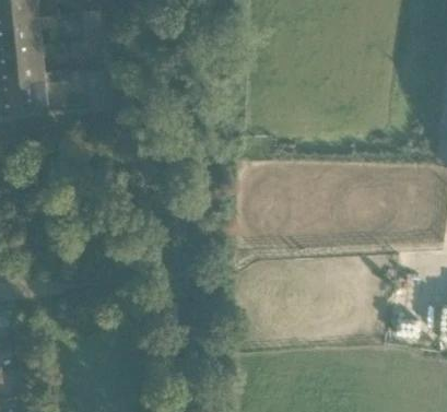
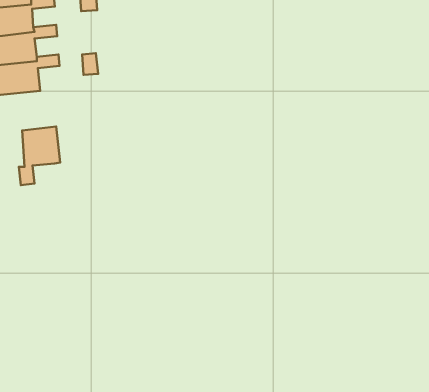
building: none -> [19,126,60,185]

